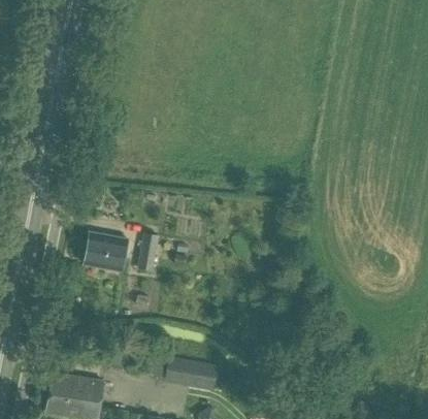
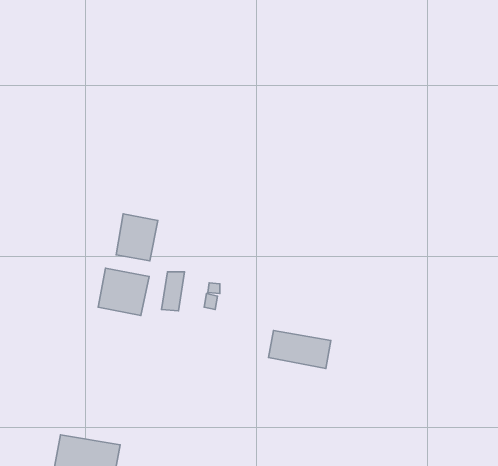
building: none -> [116,214,158,261]
building: [165,356,218,388] -> [269,331,331,368]

